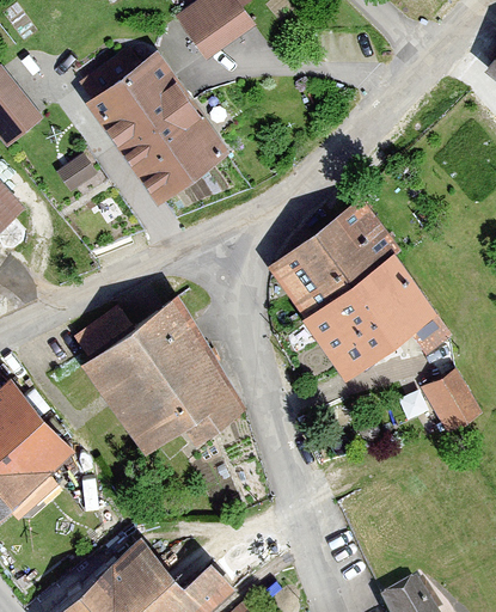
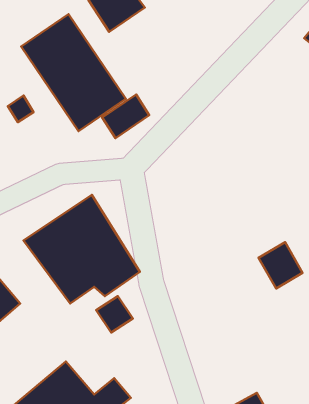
building: none -> [102,95,149,138]
building: [265,201,452,379] -> none
building: none -> [96,296,133,333]

